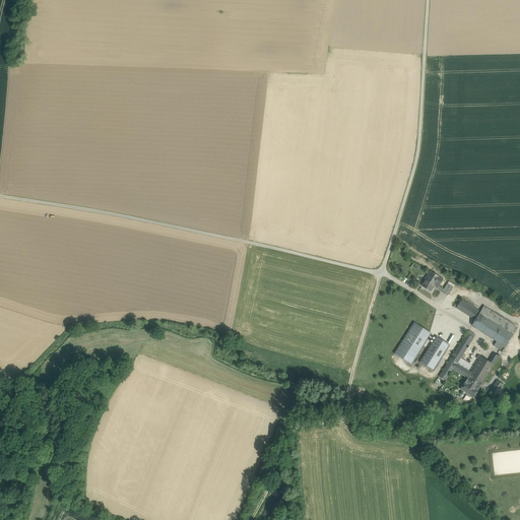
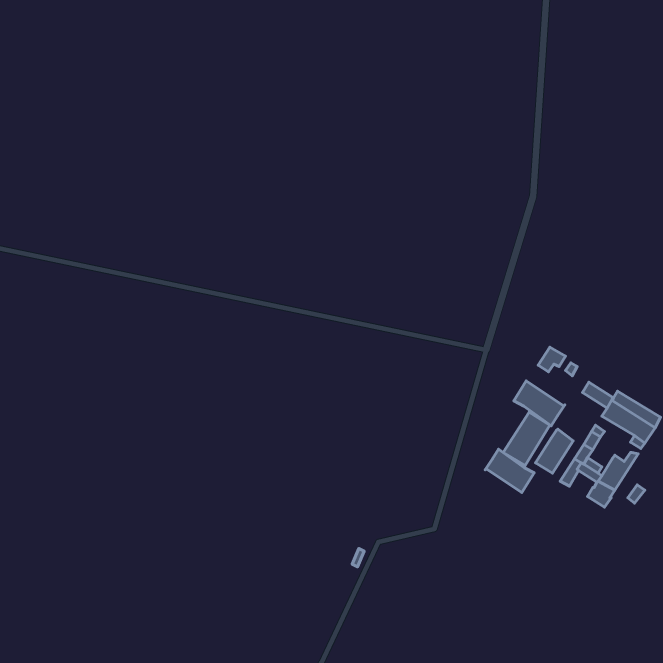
building: none -> [514,381,565,426]
building: none -> [485,449,534,493]

